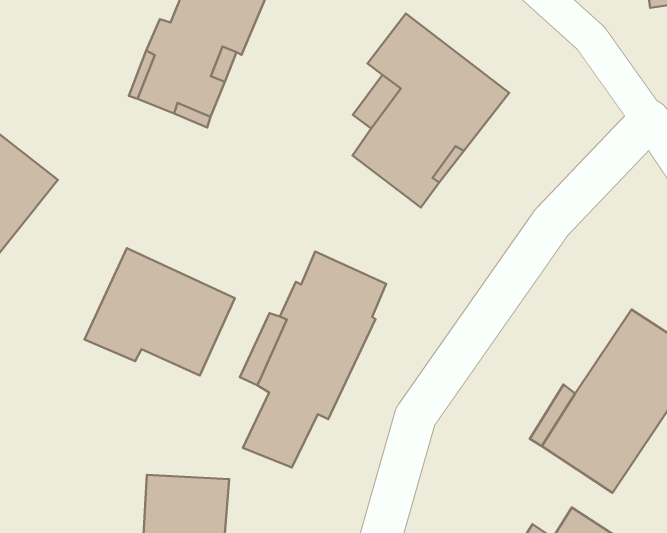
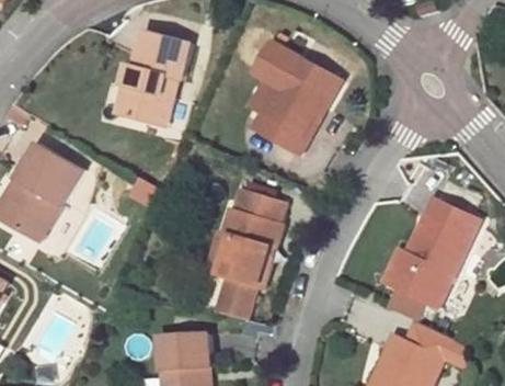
building: [84,248,235,375] -> none

